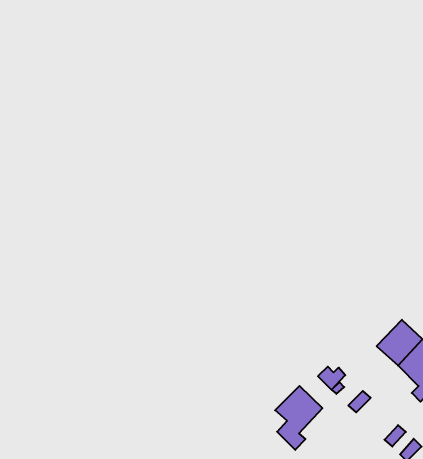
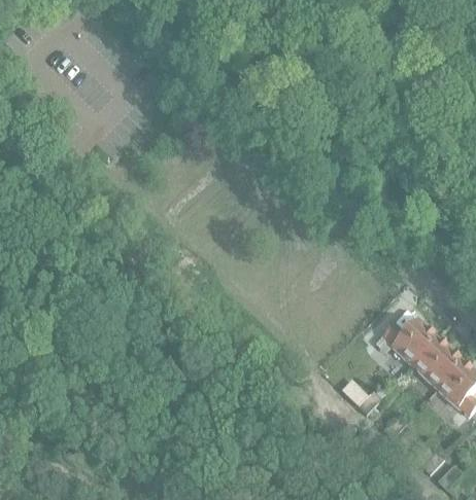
building: none -> [382,319,438,367]
building: [275,386,322,450] -> none

